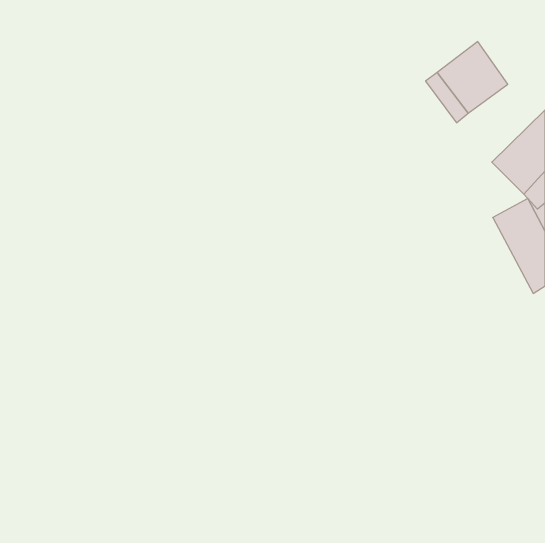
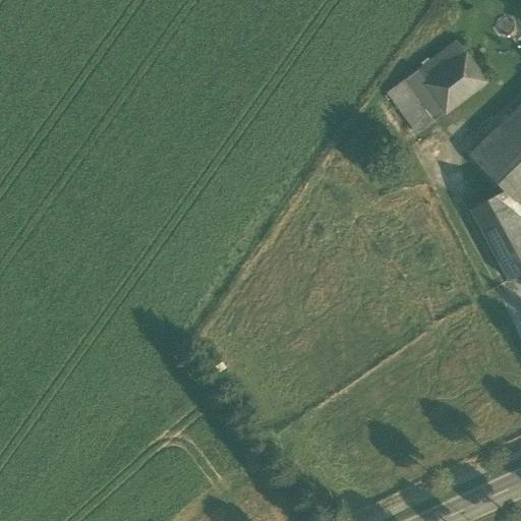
building: none -> [388,77,436,130]

